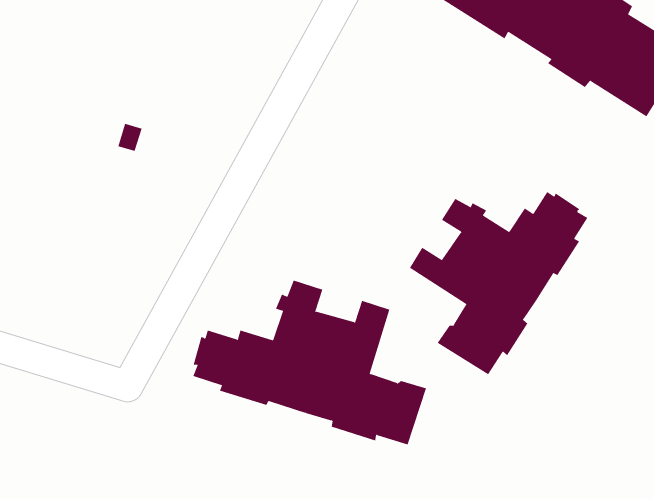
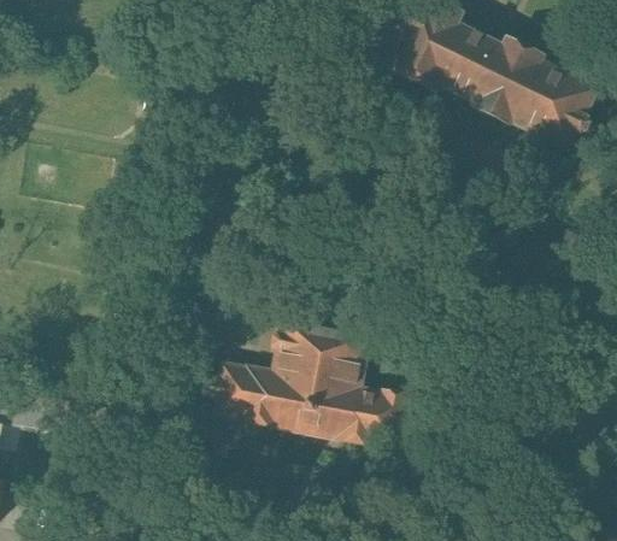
building: [409,191,588,375] -> none

